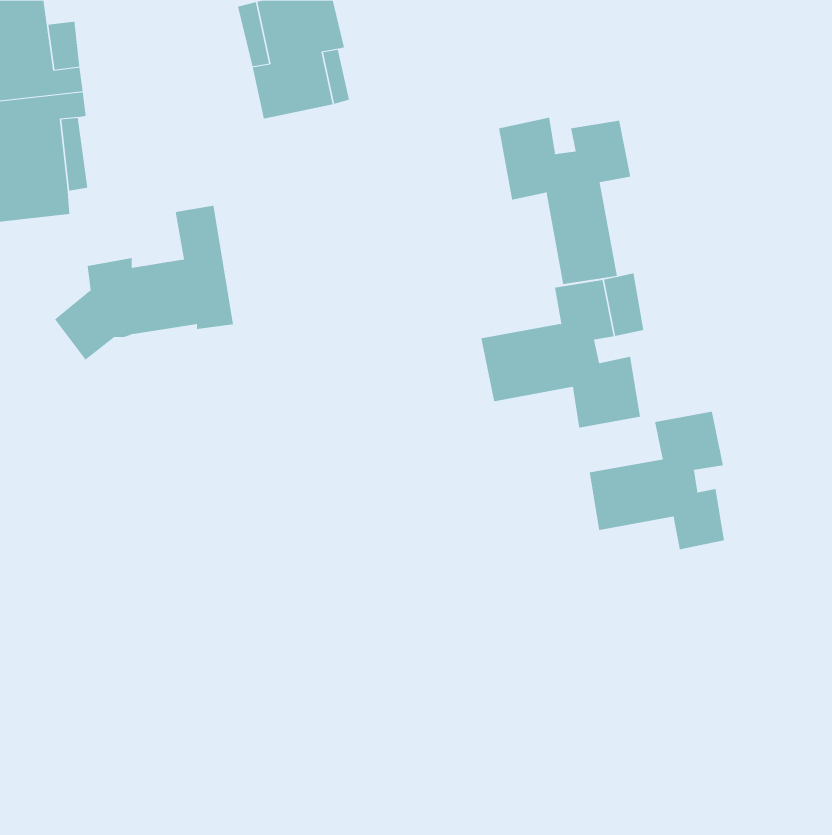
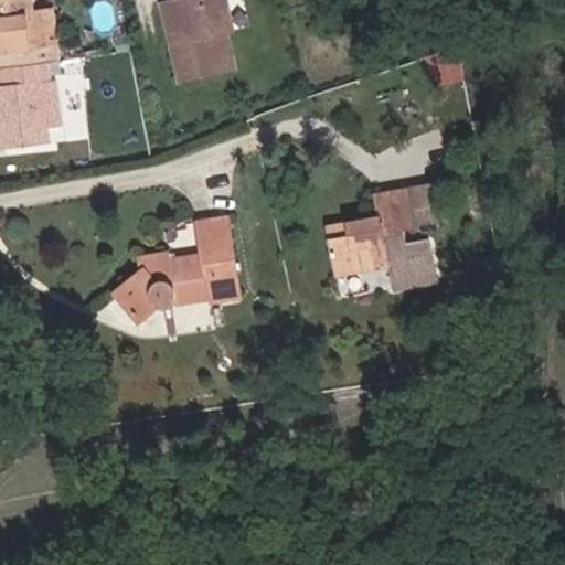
building: [498,117,631,285] -> none
building: [54,205,234,361] -> [116,216,237,321]
building: [589,411,725,550] -> none

